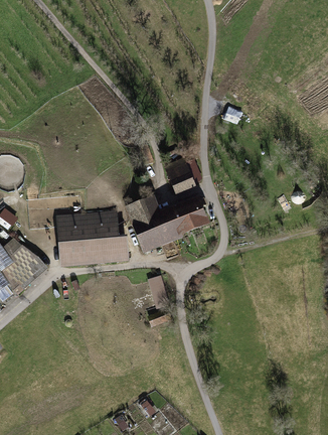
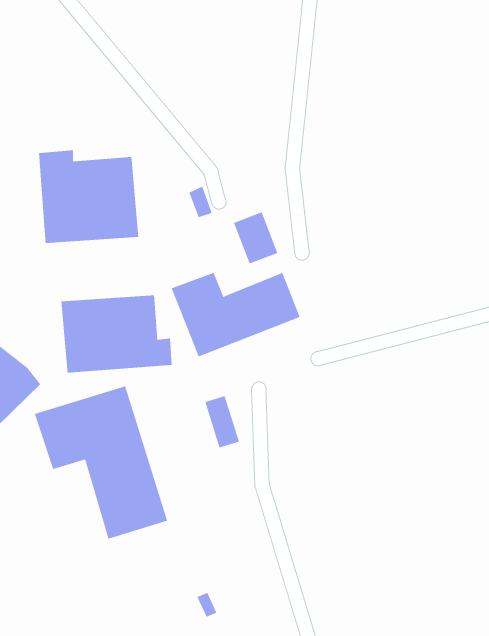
building: none -> [38,150,139,244]
building: none -> [34,385,168,539]

